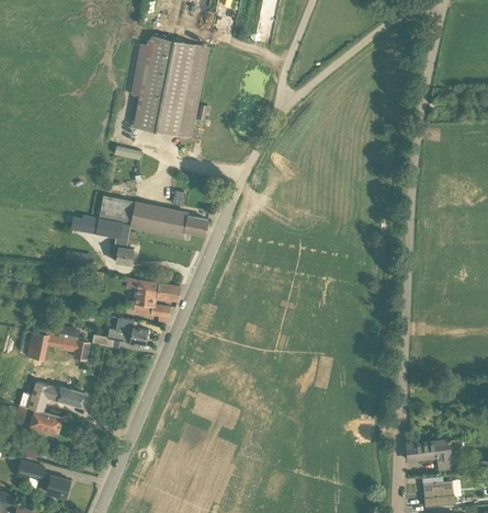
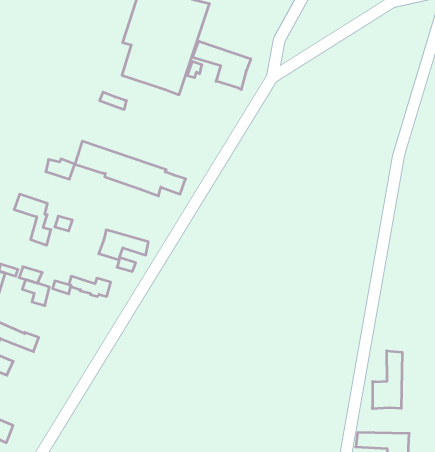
building: none -> [192,41,251,90]
building: [95,219,134,265] -> [14,194,51,245]
building: none -> [372,351,402,409]

